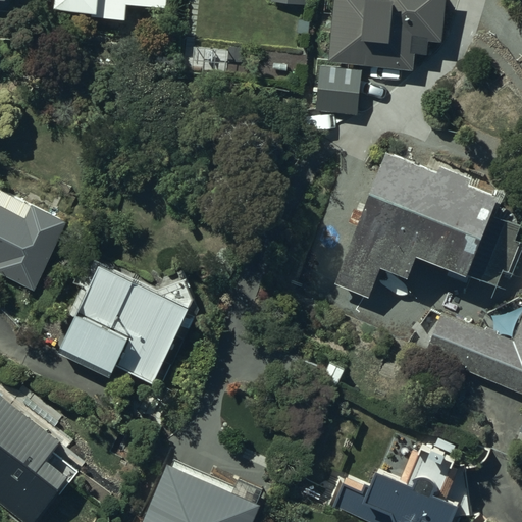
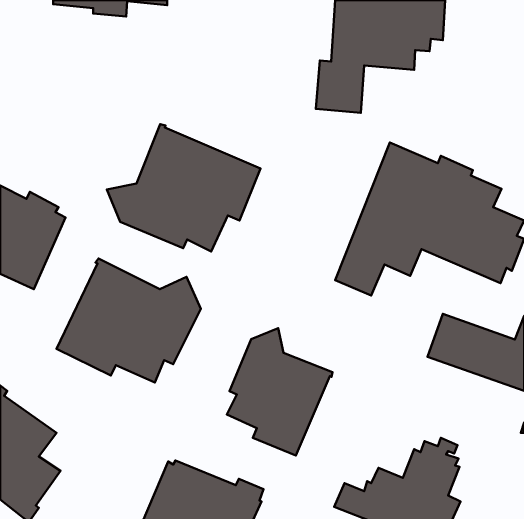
building: none -> [107,124,261,251]
building: none -> [227,328,333,456]

